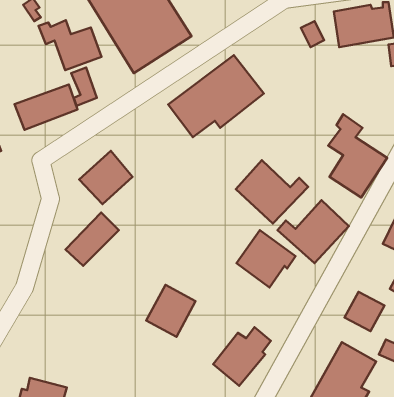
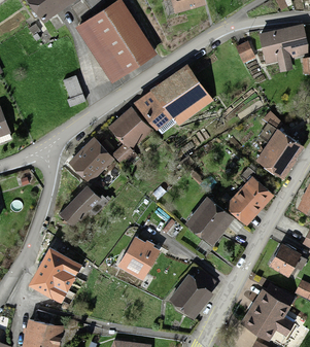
building: [38,20,101,70] -> none
building: [15,84,77,130] -> none
building: none -> [109,108,150,162]
building: [236,160,308,224] -> none
building: none -> [31,250,79,301]

